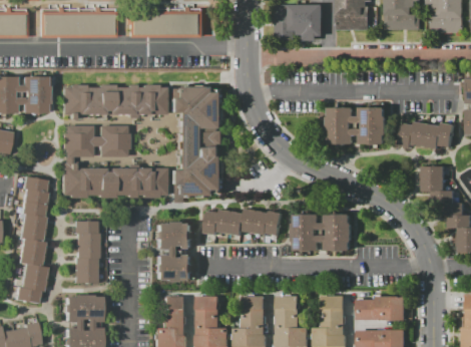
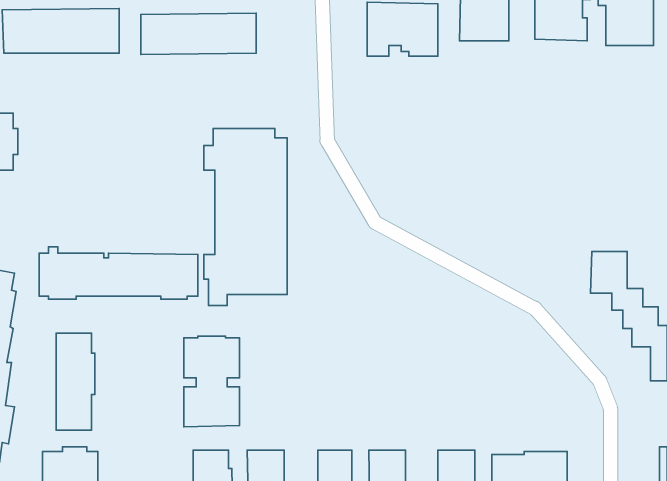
building: [59,84,164,120] -> none
building: [327,108,386,143] -> none
building: [397,121,453,150] -> none
building: [60,125,126,157] -> none
building: [203,210,281,237] -> none
building: [295,214,352,251] -> none

